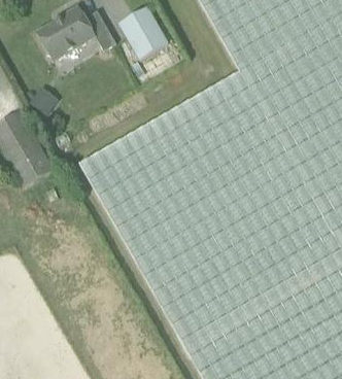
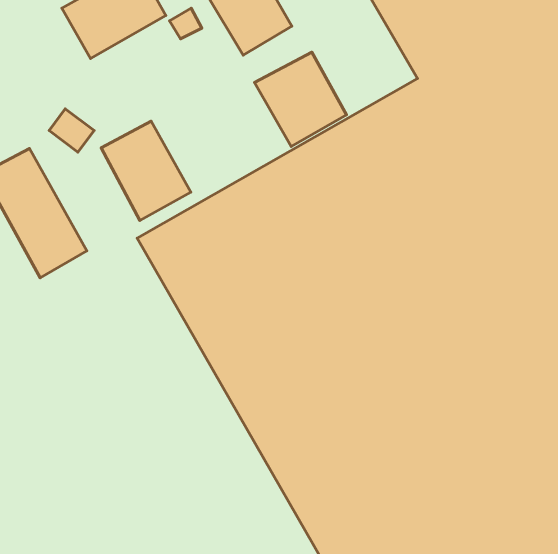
building: none -> [255,52,347,146]
building: none -> [101,121,191,221]

